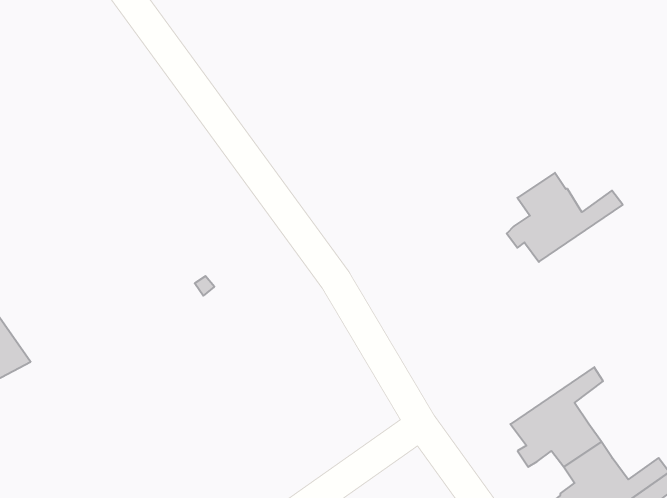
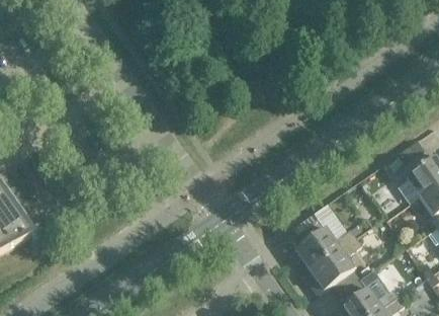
building: [507,173,623,262] -> [291,218,357,268]

